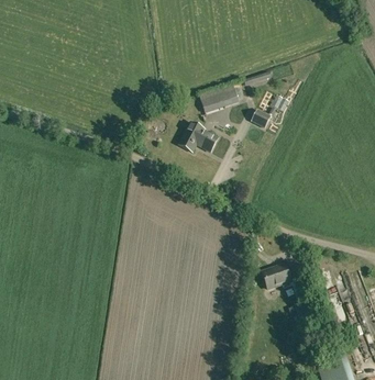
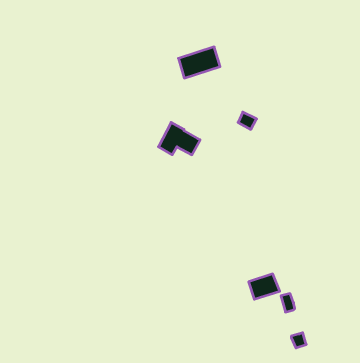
building: [199,80,239,110] -> [178,47,220,78]

